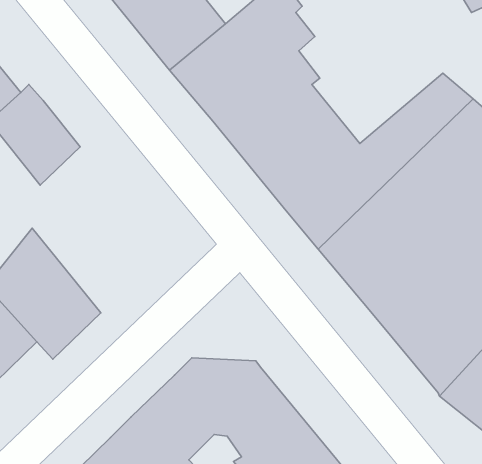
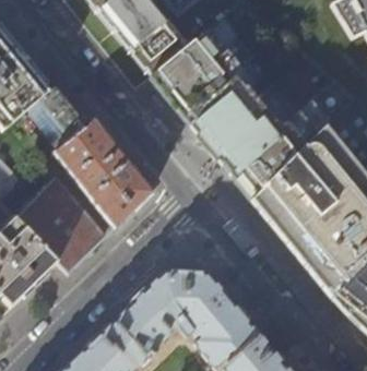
building: none -> [58,120,153,227]

